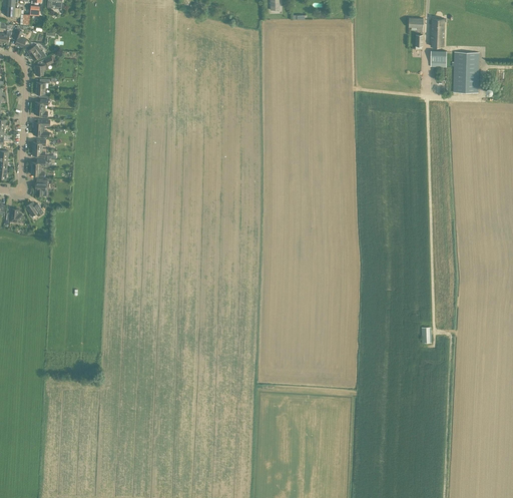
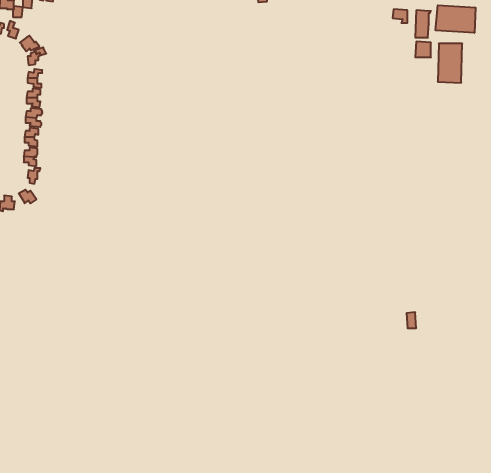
building: none -> [436,5,476,33]

